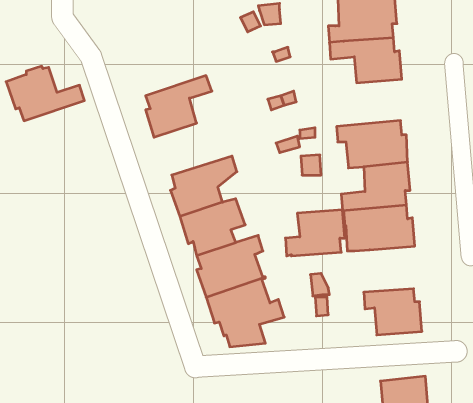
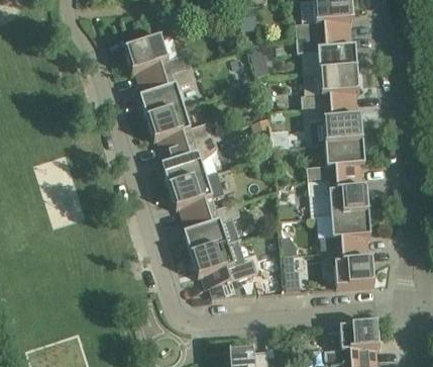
building: [6,66,84,121] -> [125,37,192,84]
building: none -> [302,70,360,110]
building: none -> [147,107,214,152]
building: [285,210,345,256] -> [321,212,371,252]

